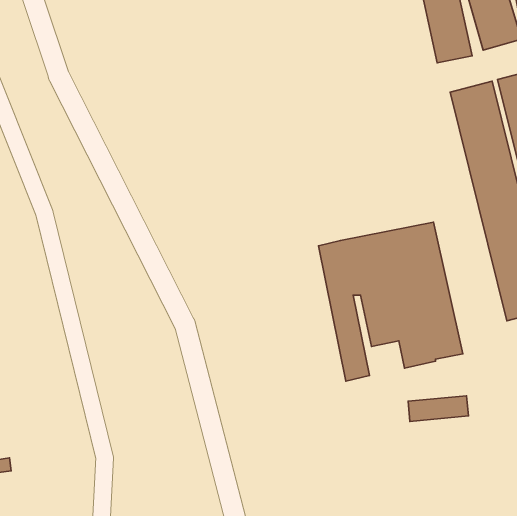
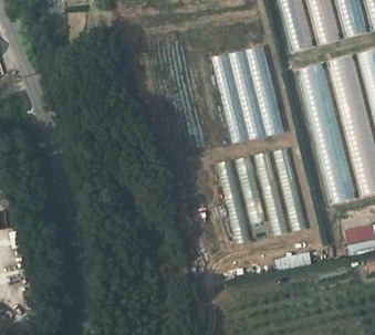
building: none -> [212,45,281,144]

